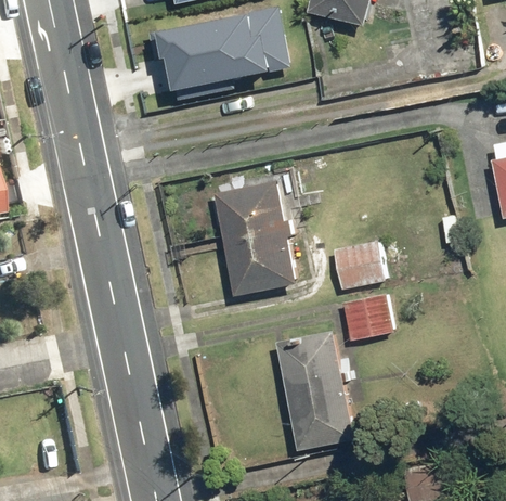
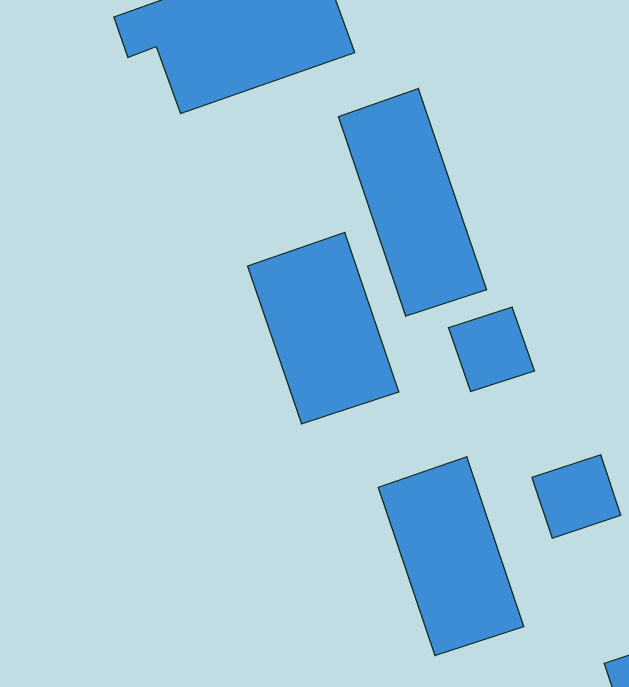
building: none -> [339,88,486,316]
building: [339,294,391,342] -> [532,455,621,538]

